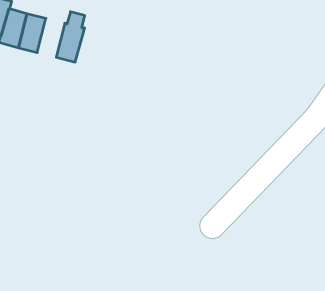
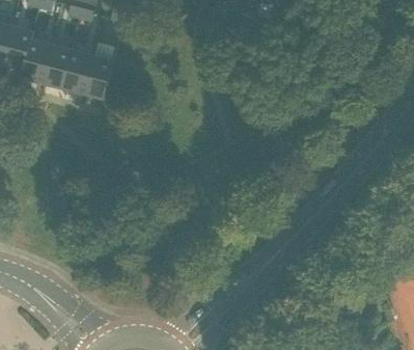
building: none -> [61,50,91,92]

